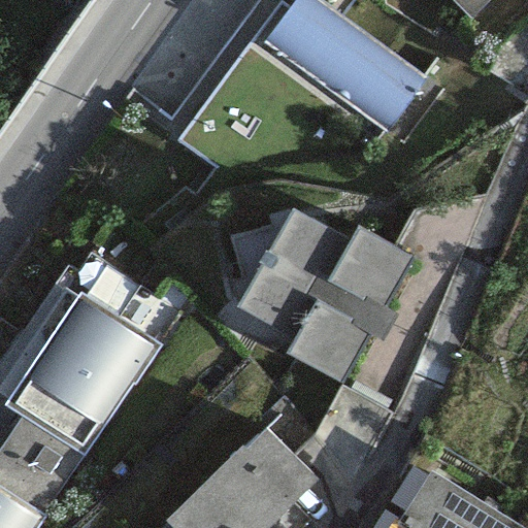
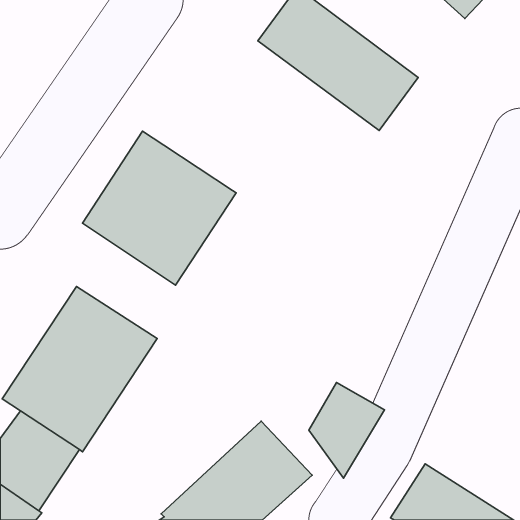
building: none -> [83,131,236,285]
building: [240,209,409,385] -> none

